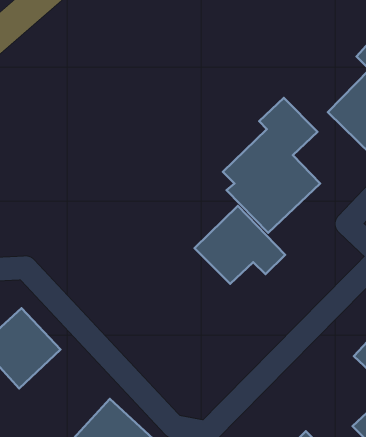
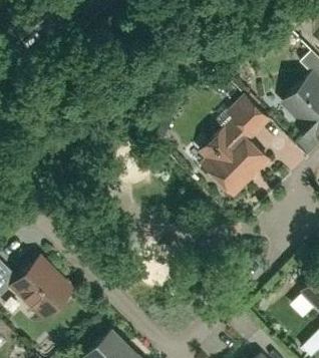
building: [194,206,285,284] -> none

